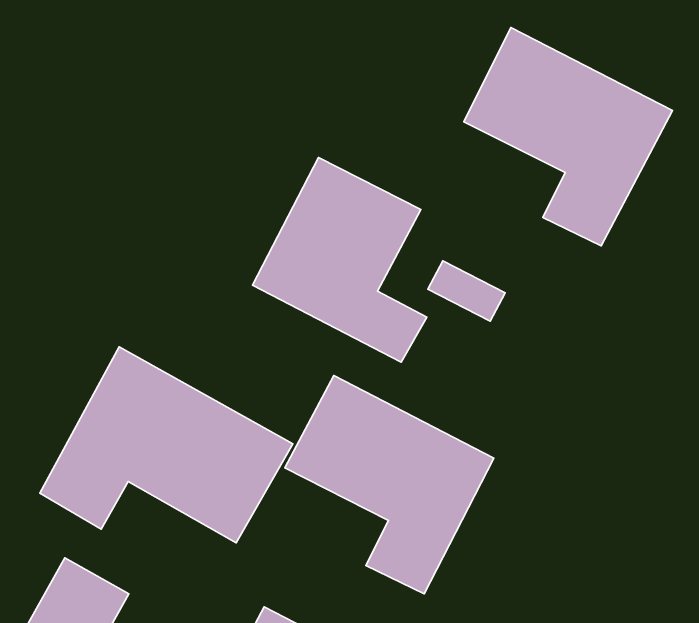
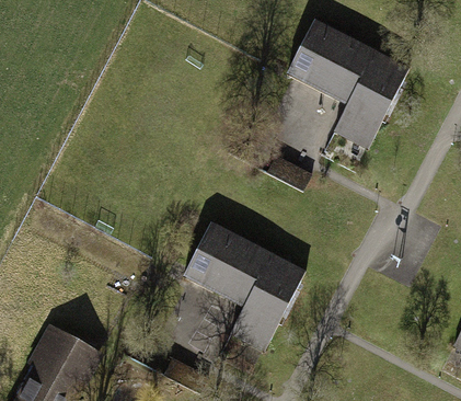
building: [253,158,427,362] -> none
building: [40,347,293,543] -> none

